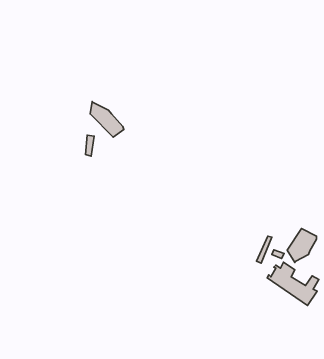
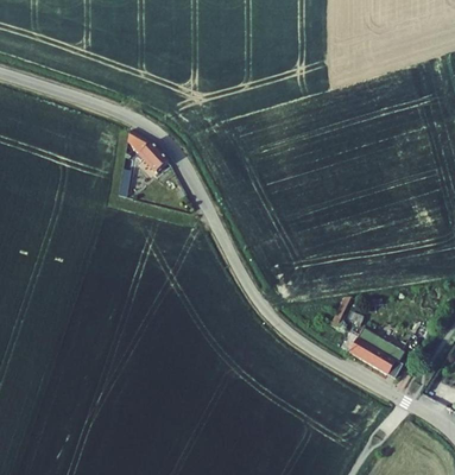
building: [287,228,317,263] -> none

